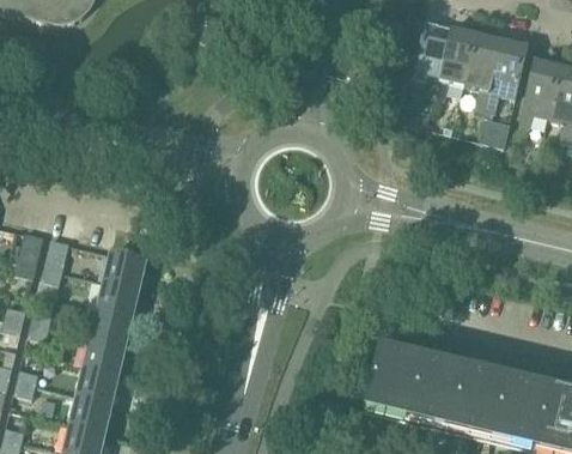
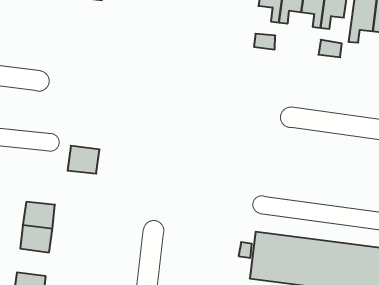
building: [103,250,145,287] -> [68,146,100,174]
building: [83,337,124,374] -> none

